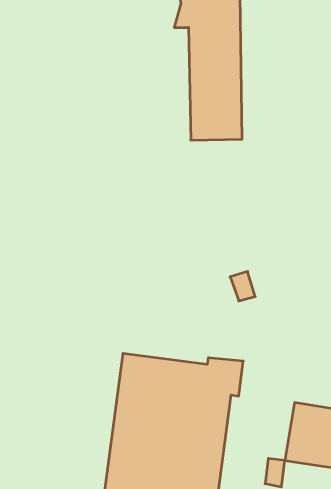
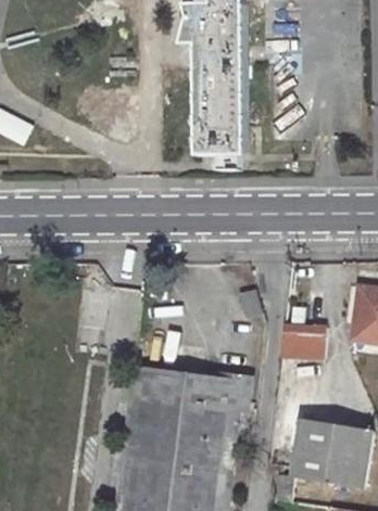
building: none -> [279,332,329,358]

